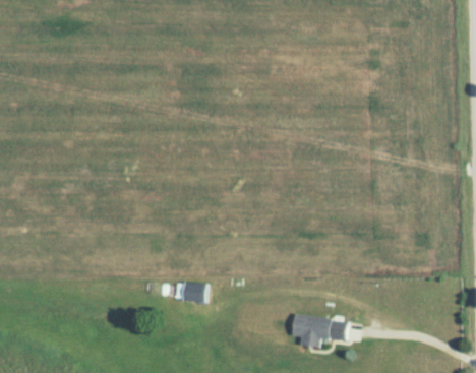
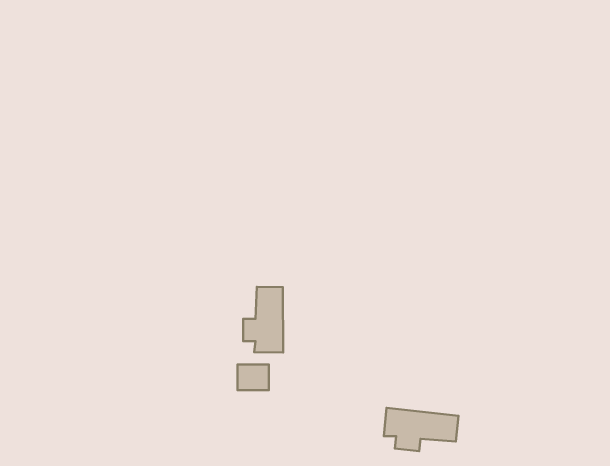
building: none -> [243,287,283,352]

